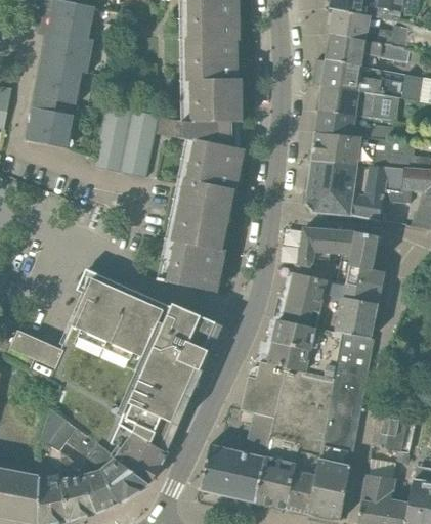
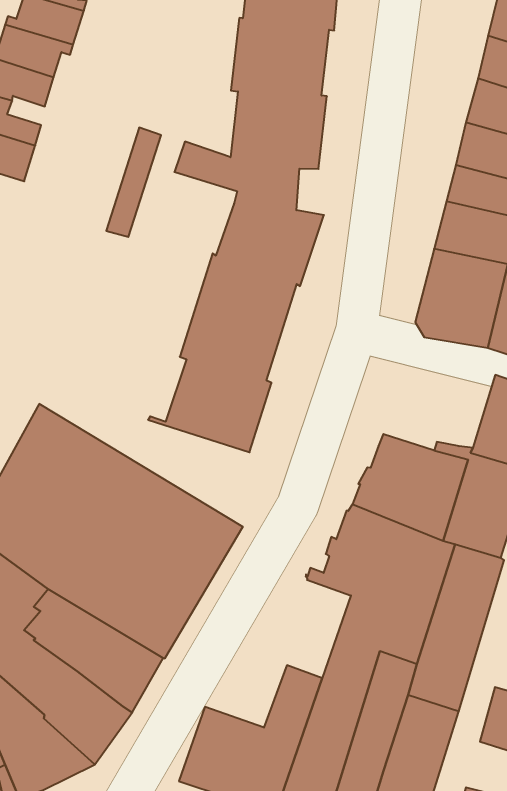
building: [92,104,131,172] -> none
building: [297,227,355,274] -> none
building: [240,362,286,419] -> none

